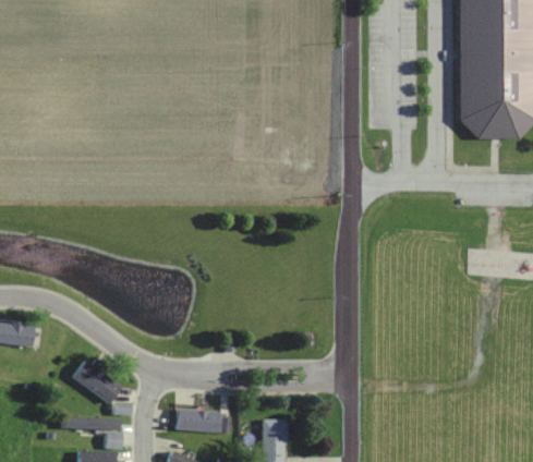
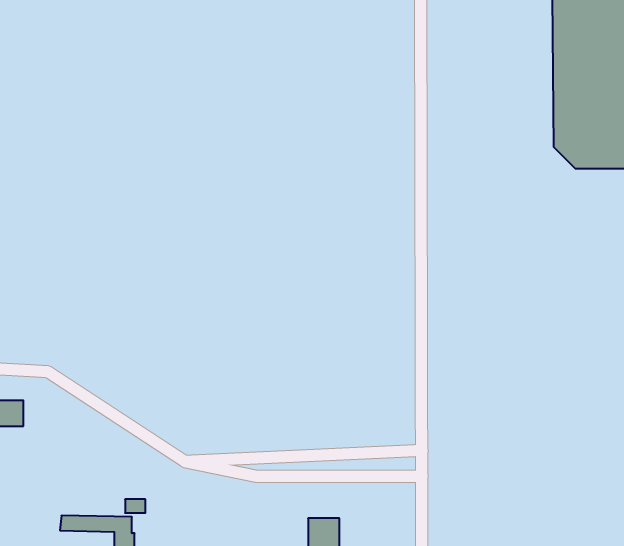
building: [72,360,121,402] -> none
building: [178,410,231,431] -> none

